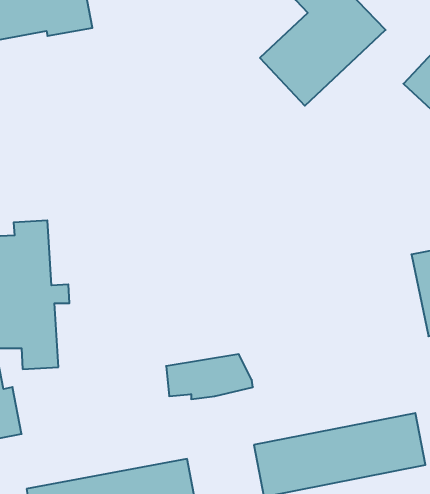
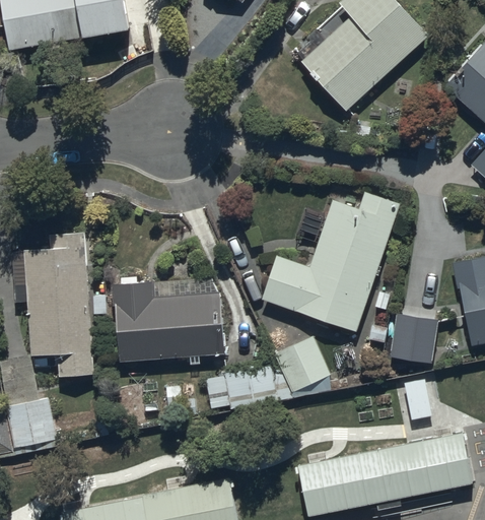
building: none -> [264,193,401,332]
building: none -> [113,282,225,364]
building: none -> [389,311,440,368]
building: none -> [274,337,331,392]

